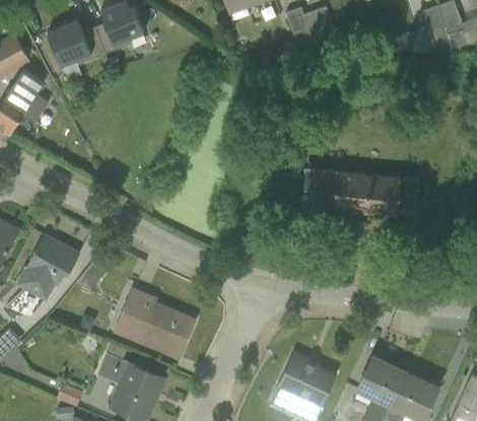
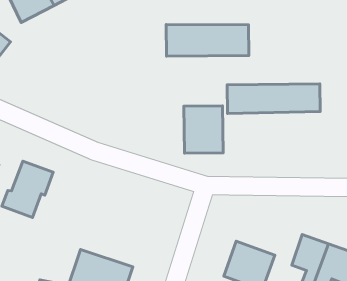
building: none -> [166,25,249,56]
building: none -> [184,106,223,153]
building: [118,290,194,354] -> none

